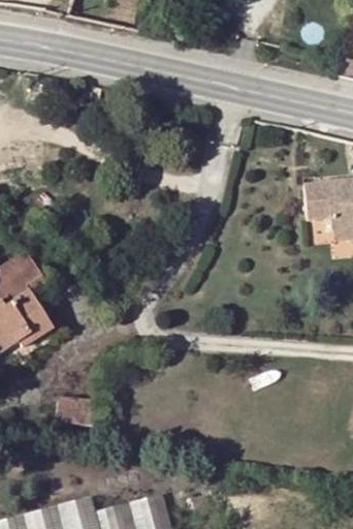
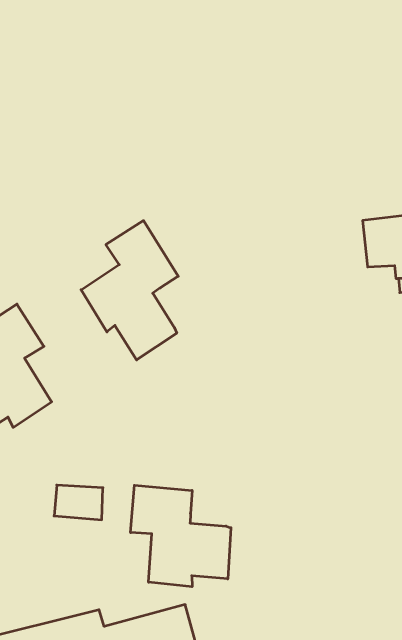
building: none -> [81,221,178,360]
building: none -> [131,485,231,587]

